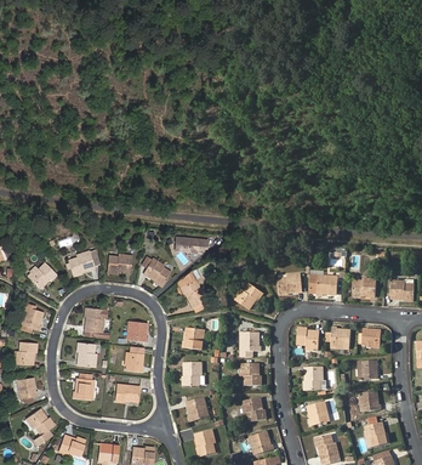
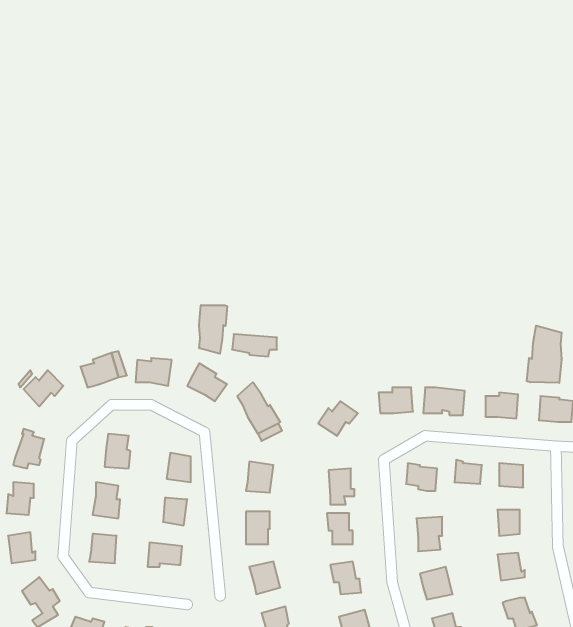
building: none -> [199,305,227,354]
building: none -> [527,326,562,383]

